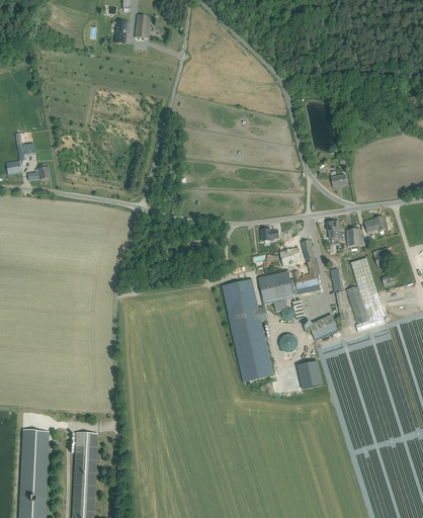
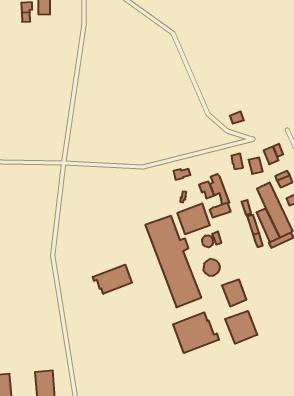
building: [309,314,339,340] -> none
building: none -> [93,265,132,294]
building: none -> [173,312,219,353]
building: none -> [225,311,257,344]

